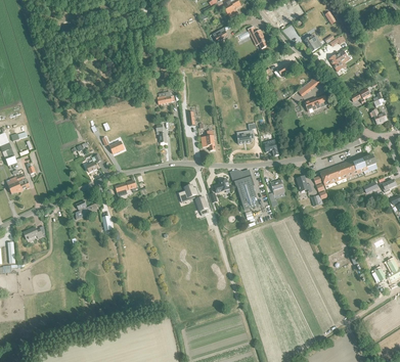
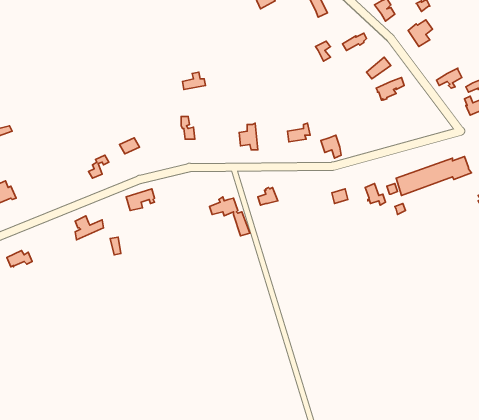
building: [230,170,259,212] -> none

